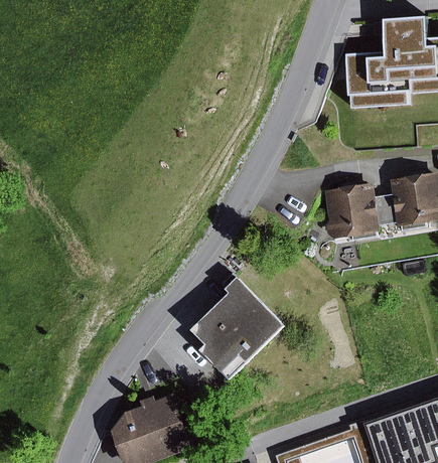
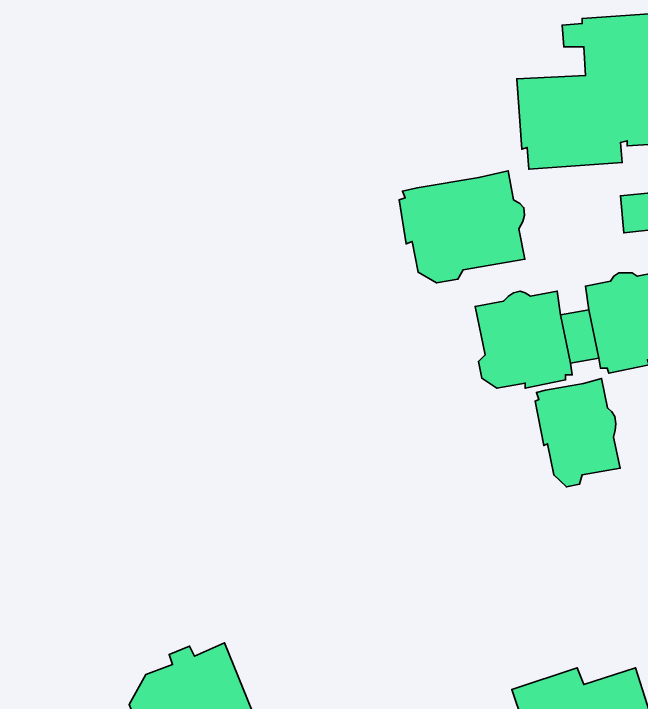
building: none -> [399,171,525,283]
building: none -> [535,379,620,487]
building: [191,276,286,380] -> none

